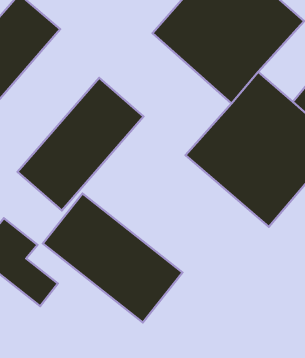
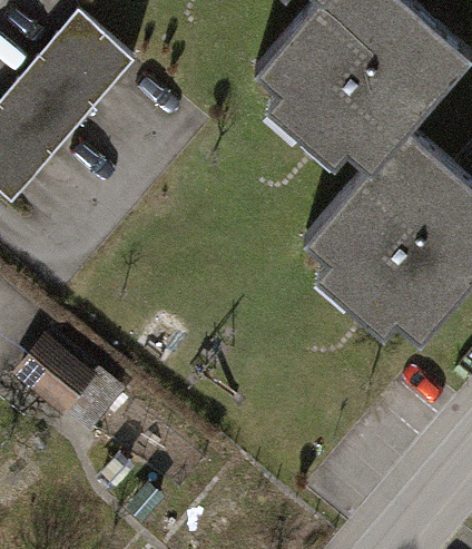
building: [18,78,144,210] -> none
building: [43,194,183,323] -> none

